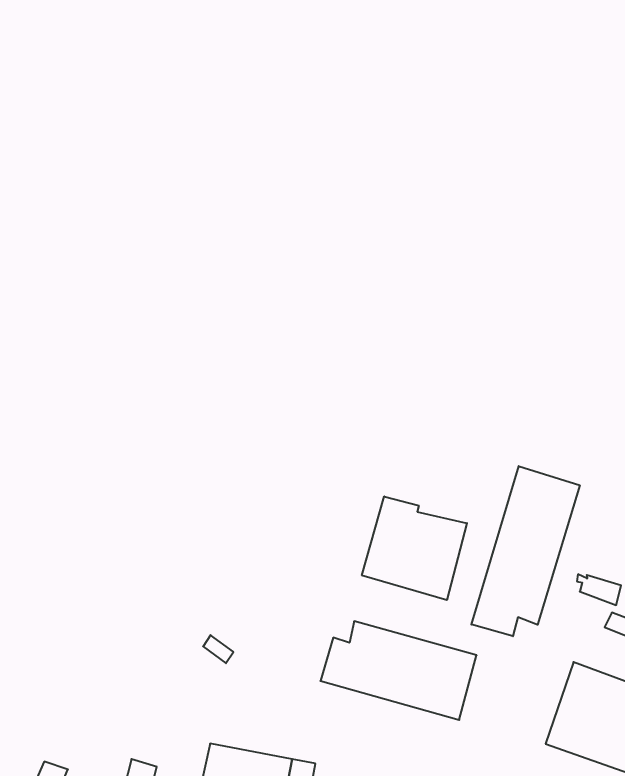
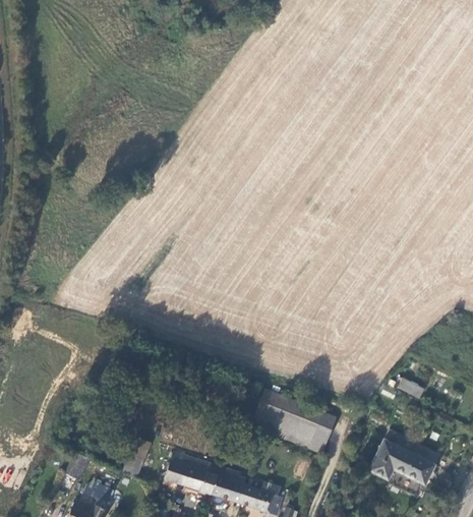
building: [471,466,580,636] -> none
building: [362,496,467,600] -> none

